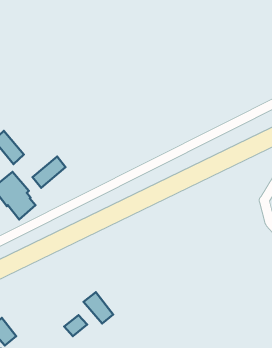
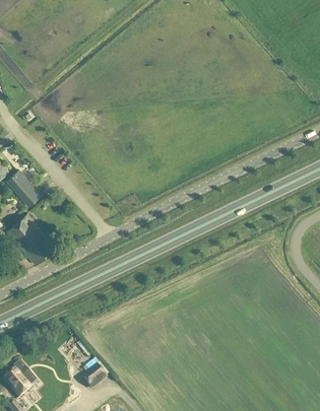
building: [33,156,66,188] -> none
building: [84,292,113,324] -> none

